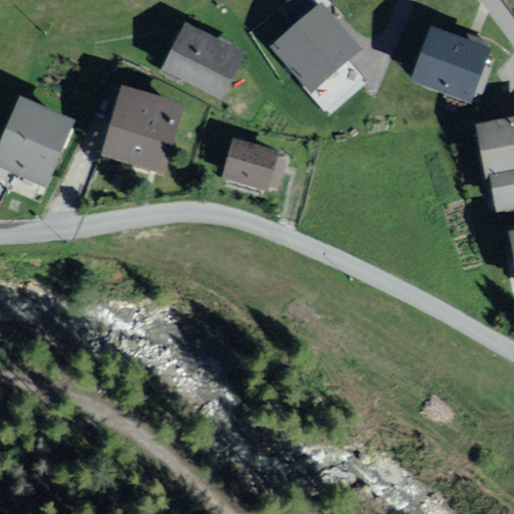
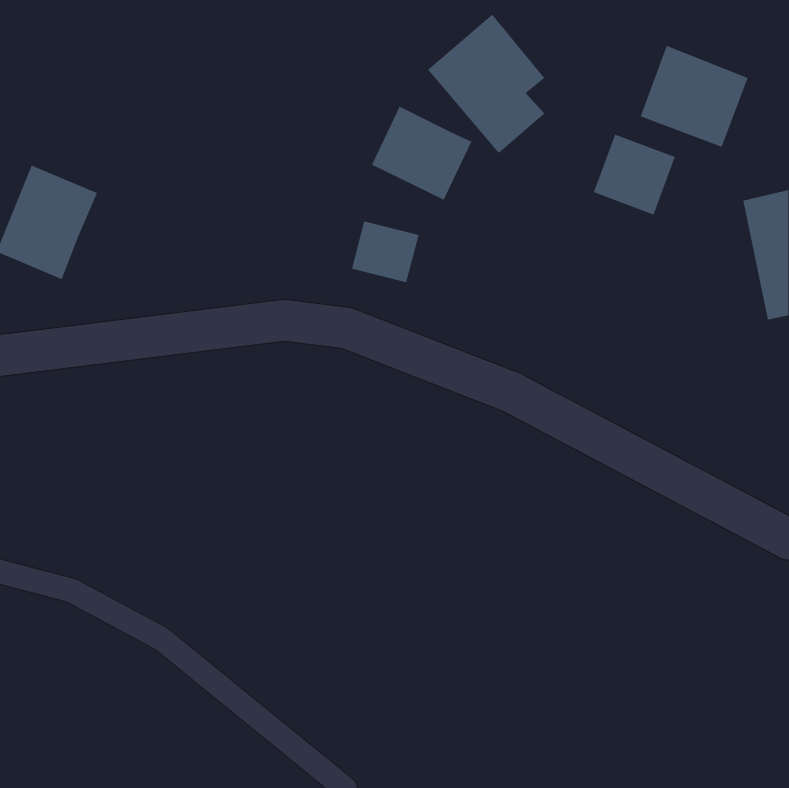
building: [169,28,234,89] -> [371,106,472,201]
building: none -> [593,134,676,216]
building: [103,93,175,169] -> none

